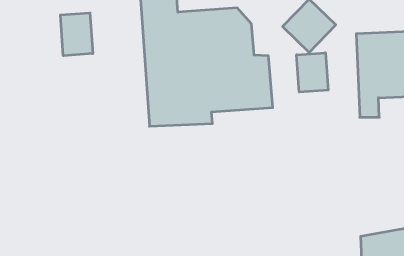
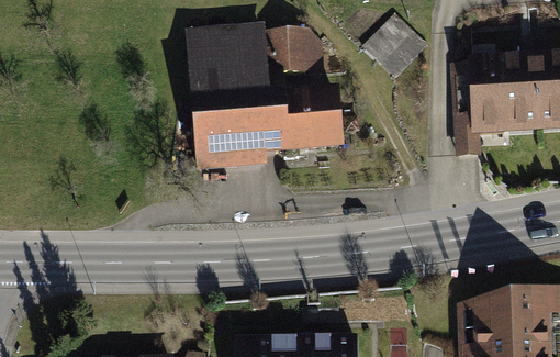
building: [60,13,93,56] -> none
building: [297,53,328,92] -> none

